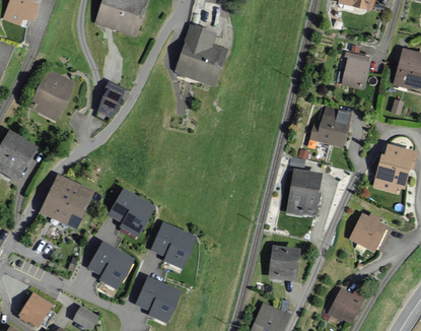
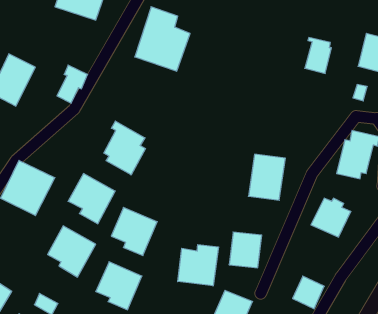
building: [309,107,353,147] -> none
building: none -> [104,121,145,175]
building: none -> [178,245,218,286]

